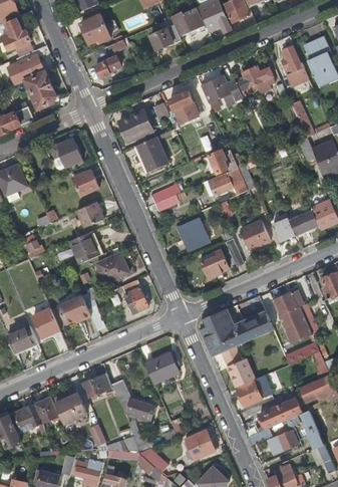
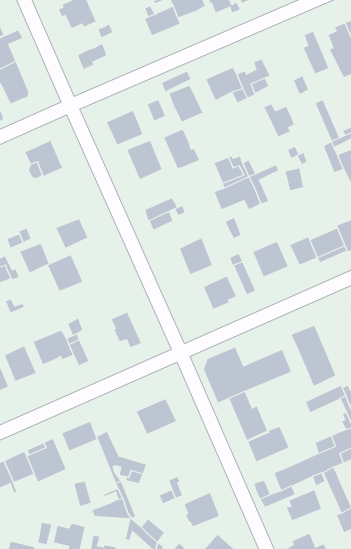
building: [249,65,275,93] -> [264,104,295,137]
building: none -> [164,129,200,169]
building: [73,171,98,196] -> [19,243,49,273]
building: [96,253,128,283] -> none

